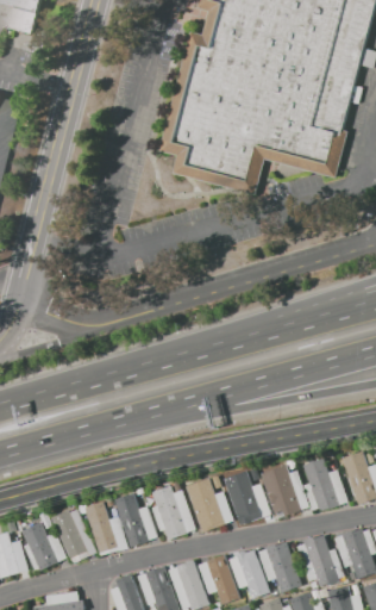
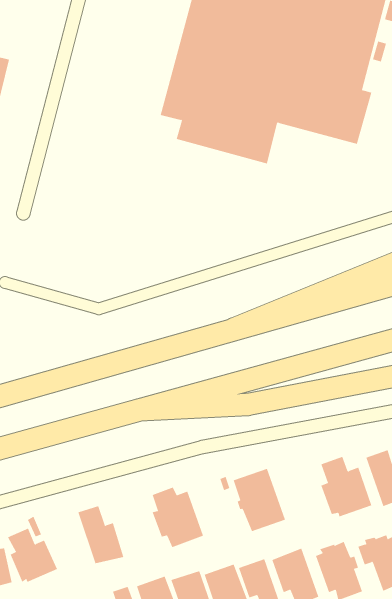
building: [261,465,309,516] -> none
building: [187,478,233,531] -> none
building: [113,493,157,547] -> none
building: [51,509,96,562] -> none

